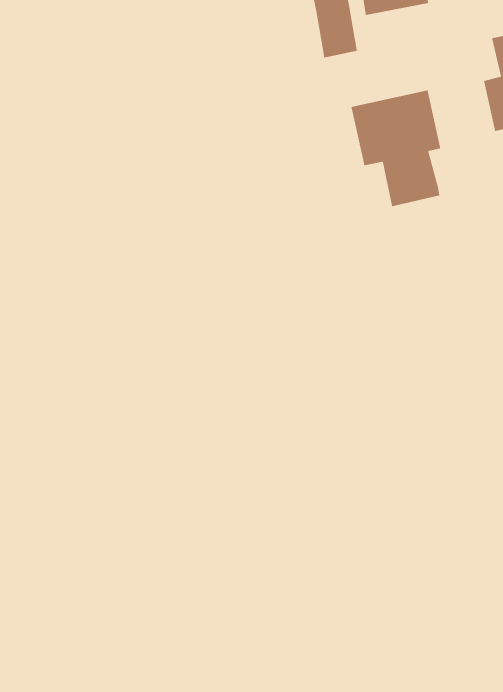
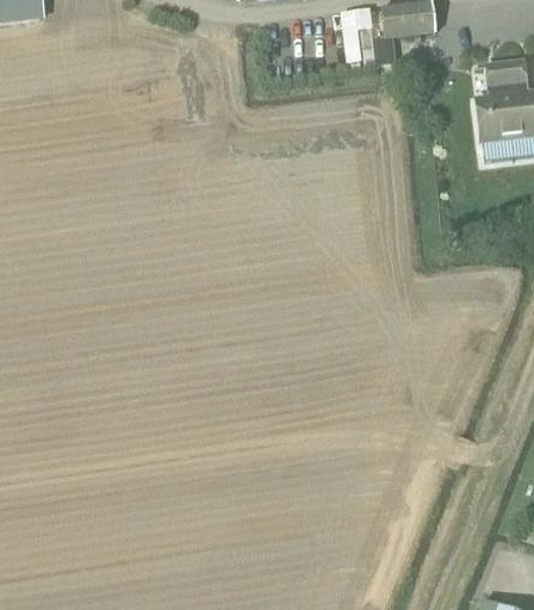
building: [351,89,441,207] -> none

